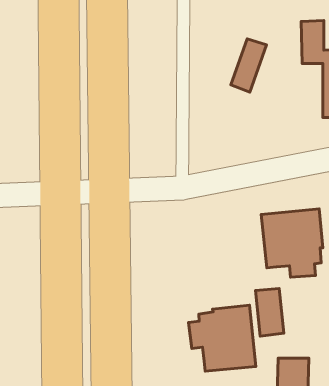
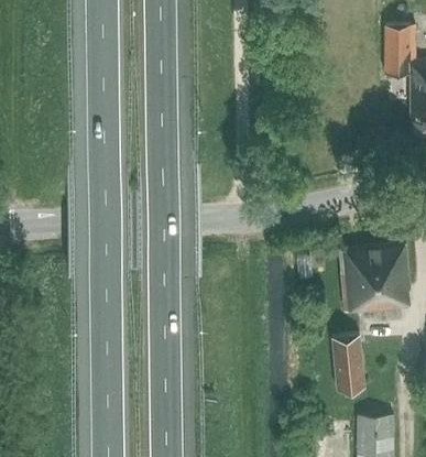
building: [231,39,267,92] -> none
building: [188,305,256,371] -> none

